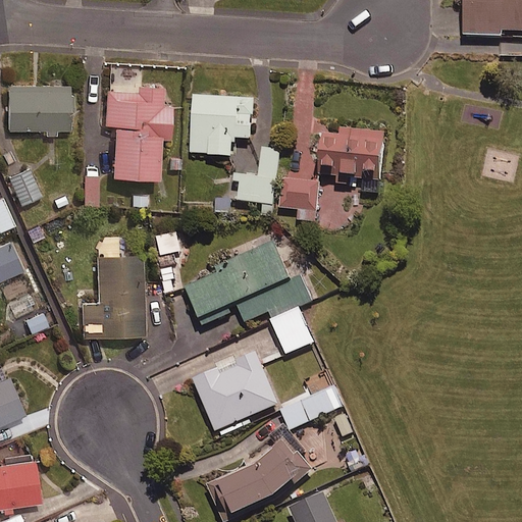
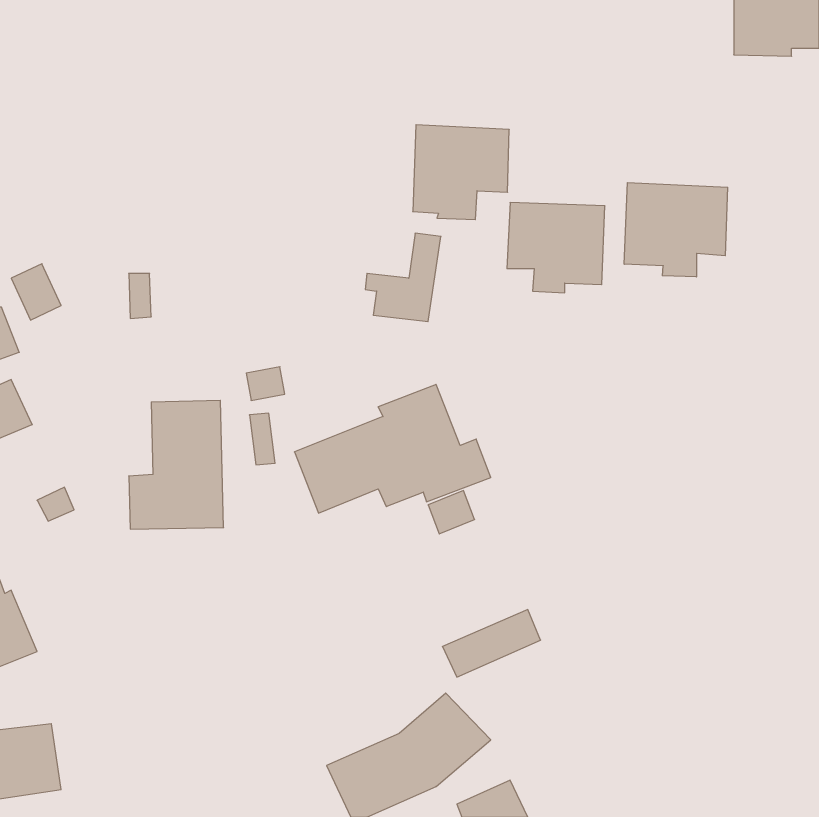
building: [7,84,68,127] -> none
building: [103,84,170,178] -> none
building: [191,96,252,156] -> [413,125,509,220]
building: none -> [624,183,728,277]
building: [279,179,318,220] -> none
building: [194,354,277,431] -> none

